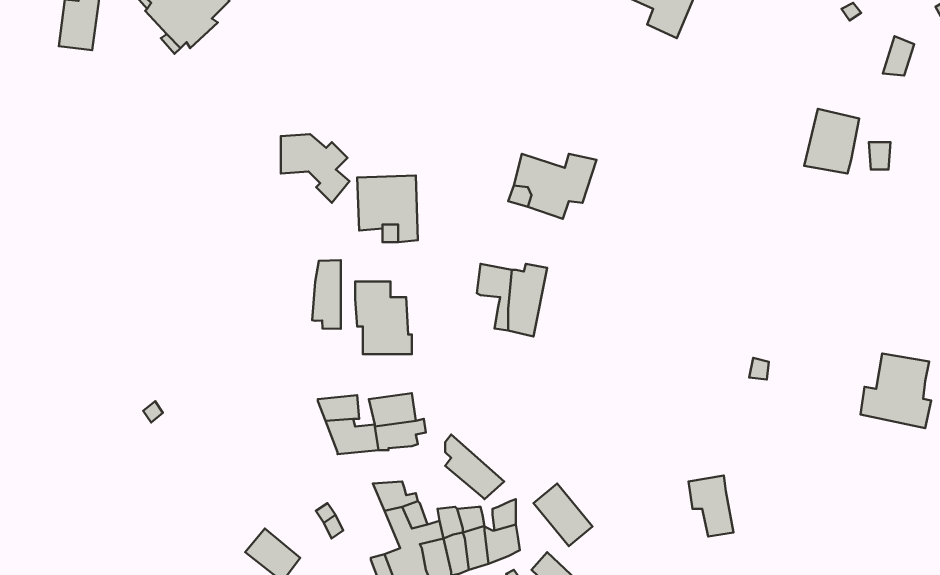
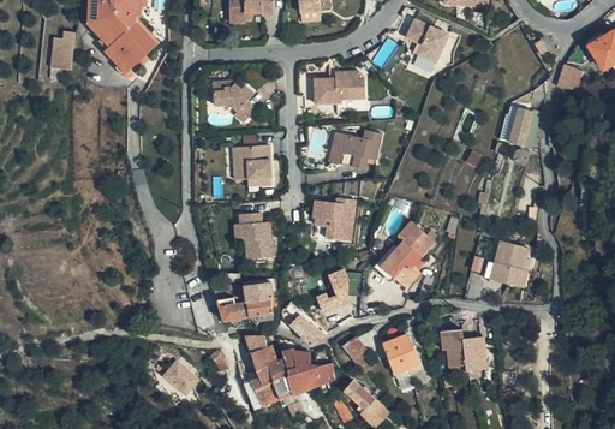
building: none -> [314,73,365,105]
building: [281,134,350,203] -> [214,78,256,120]
building: [312,260,341,329] -> none
building: none -> [377,221,431,288]
building: [860,354,931,428] -> [486,242,530,287]
building: none -> [311,269,357,316]
building: none -> [383,333,423,379]
building: none -> [460,336,485,370]

